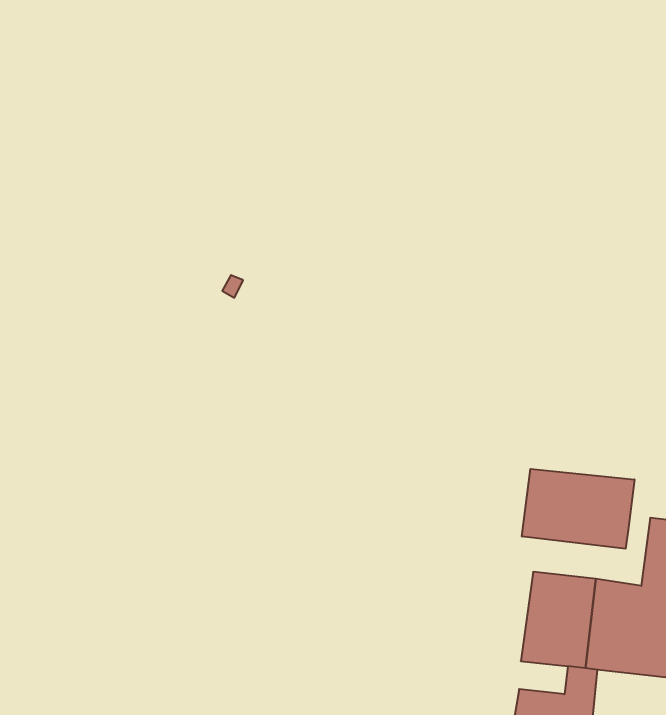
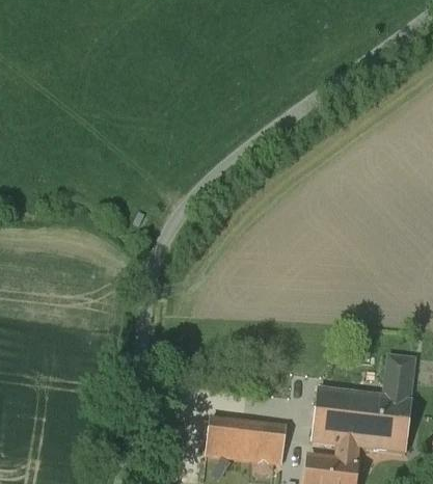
building: [522,469,634,549] -> none
building: none -> [207,415,286,462]

